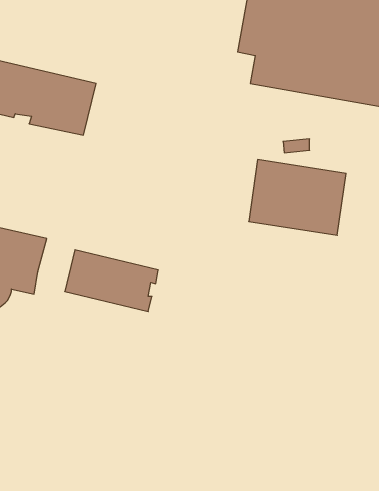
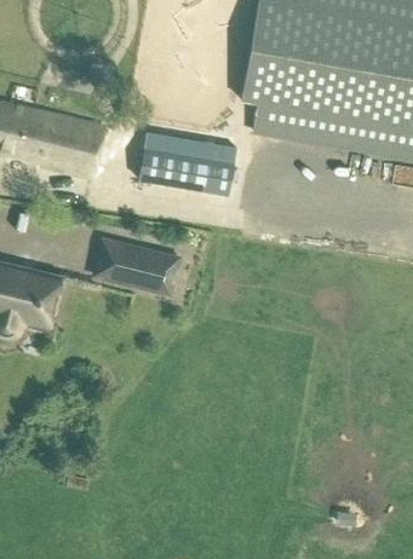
building: [249,160,346,235] -> [143,121,236,194]
building: [65,250,158,312] -> [92,237,182,296]

